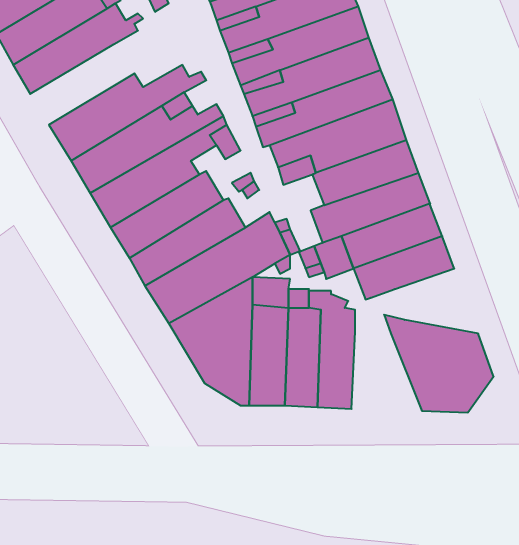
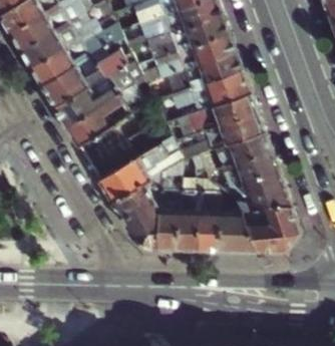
building: none -> [27,24,119,86]
building: none -> [241,170,290,209]
building: none -> [216,208,257,254]

